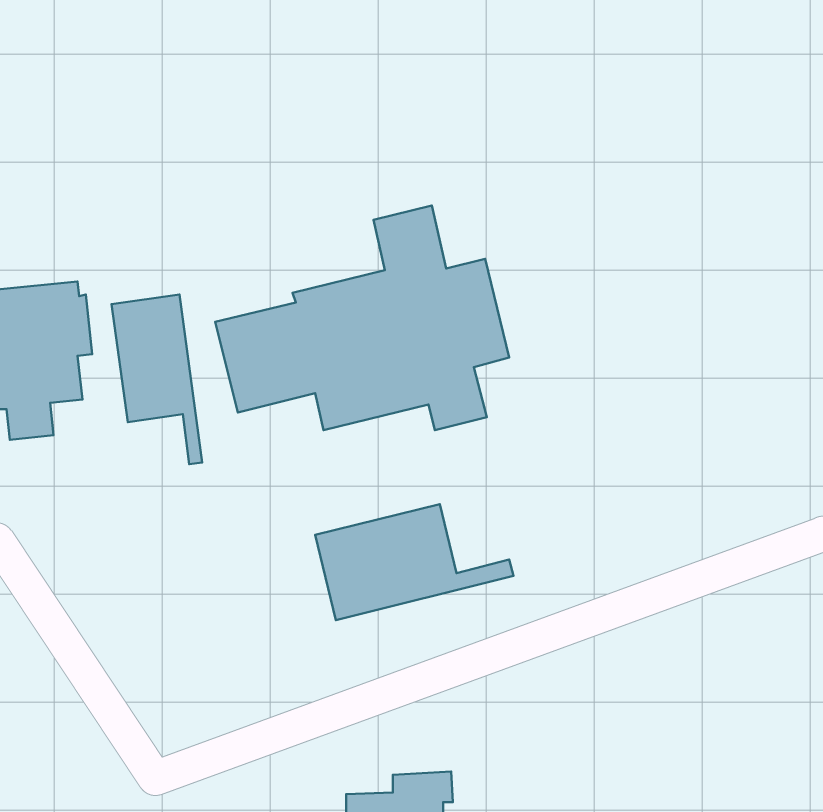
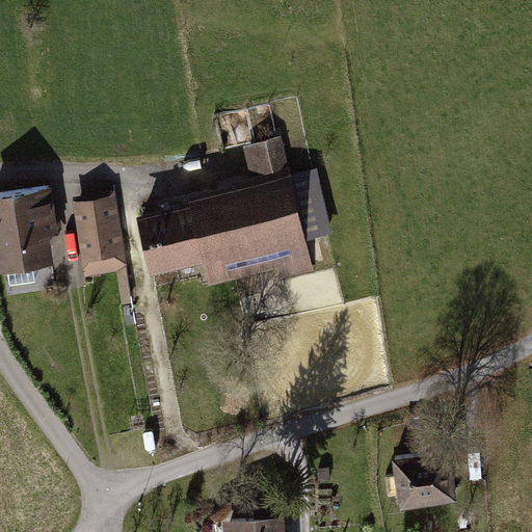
building: [315,504,513,620] -> none
building: none -> [391,449,456,509]

